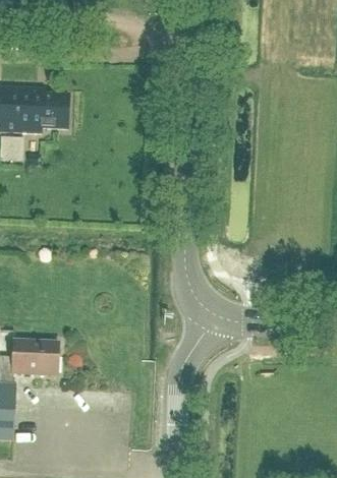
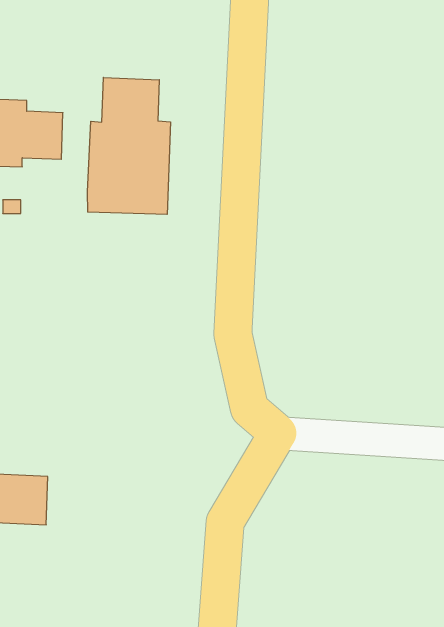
building: none -> [87,77,170,214]

